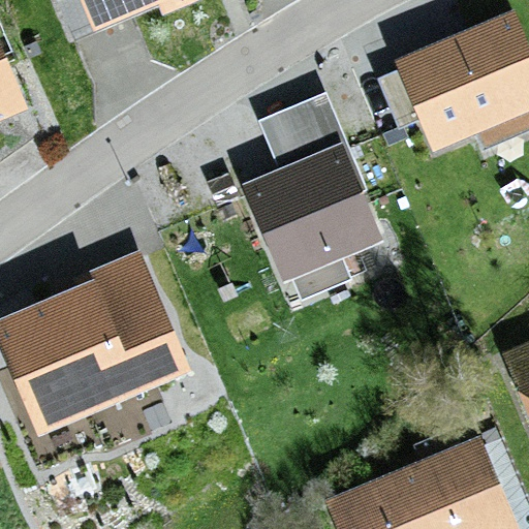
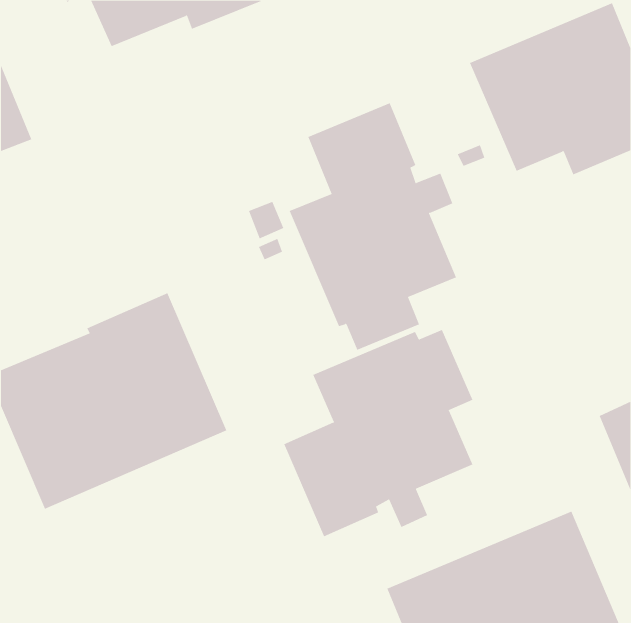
building: none -> [284,329,473,537]

